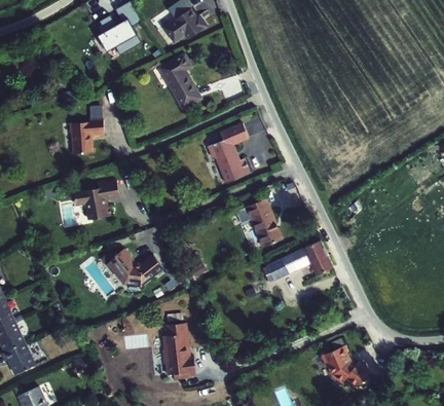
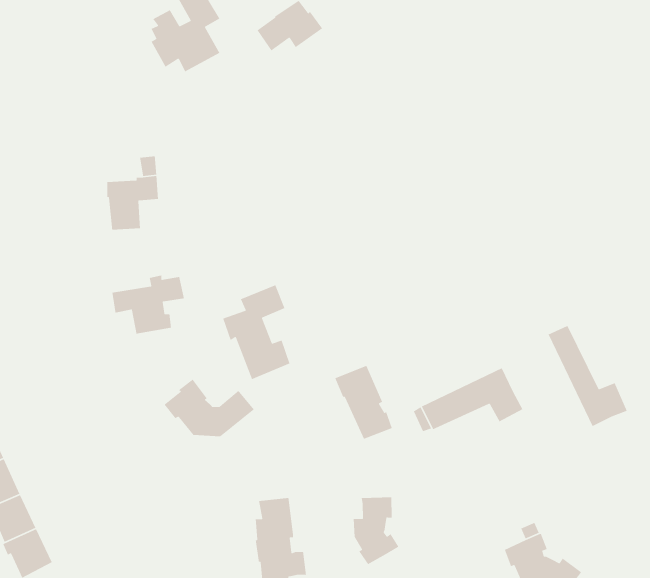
building: [161,57,201,109] -> none
building: [209,125,252,186] -> [222,284,290,380]
building: [245,201,282,249] -> [334,365,393,440]
building: none -> [547,324,628,427]
building: none -> [353,497,399,565]

